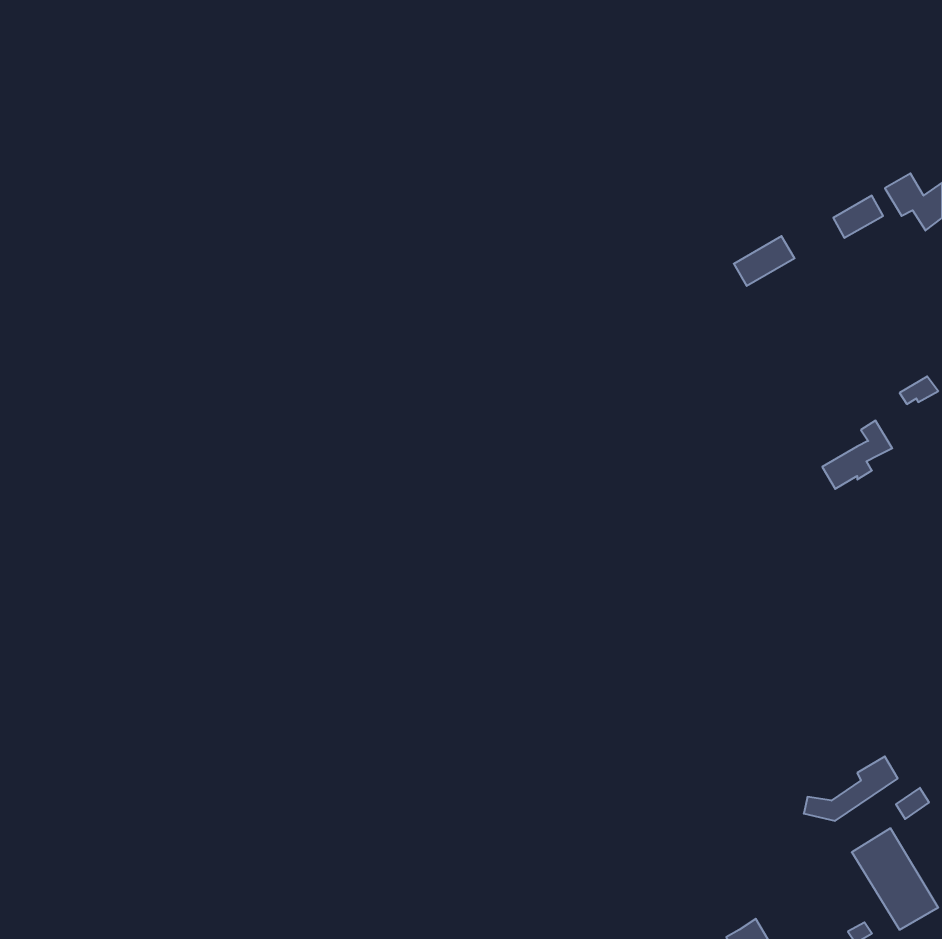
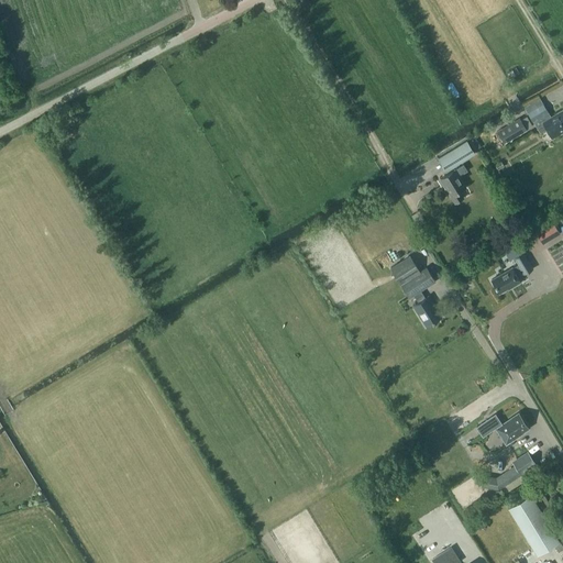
building: none -> [440,166,466,205]
building: none -> [389,256,440,327]
building: none -> [476,413,526,441]

